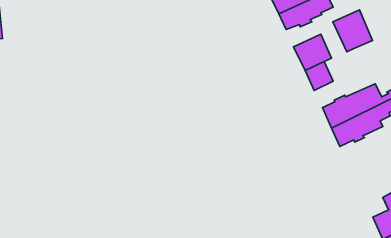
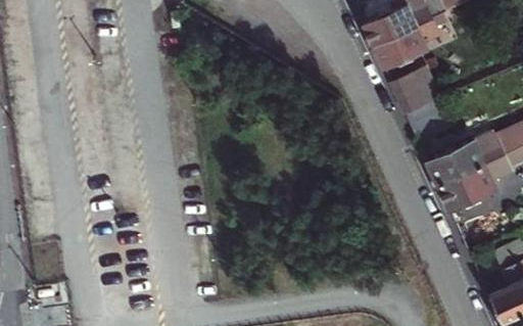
building: [333,10,373,52] -> none

